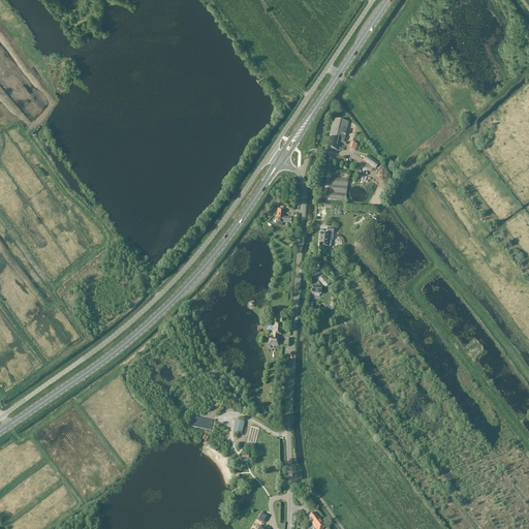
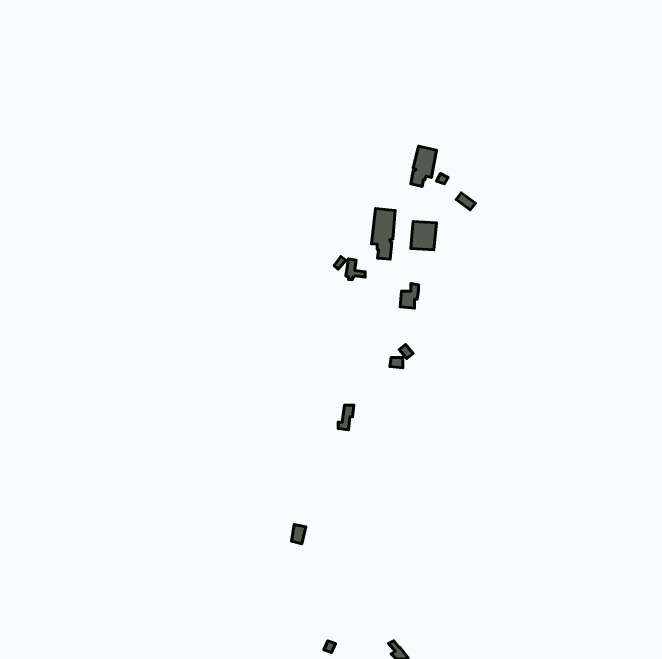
building: none -> [372,209,395,259]

